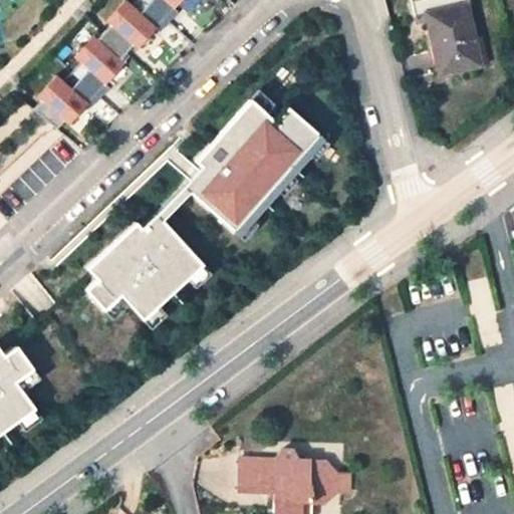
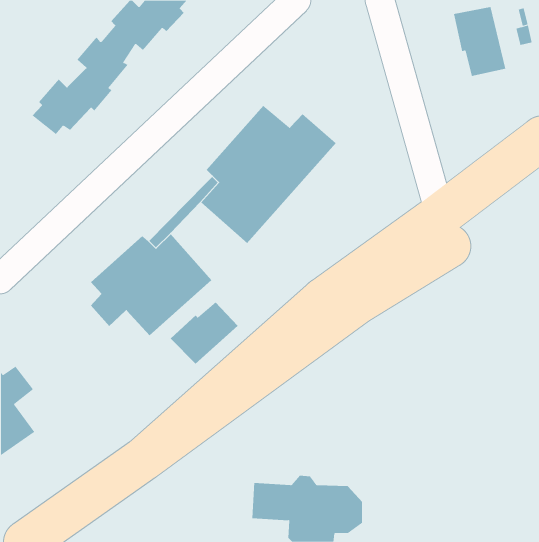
building: none -> [170,301,238,365]

